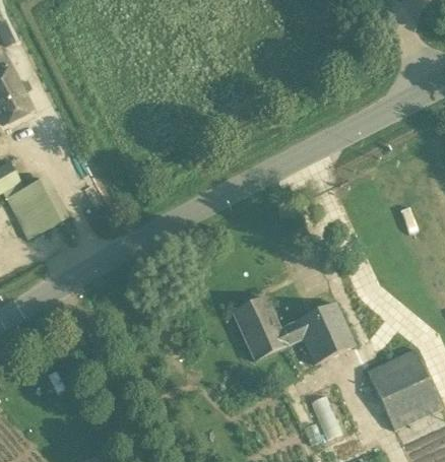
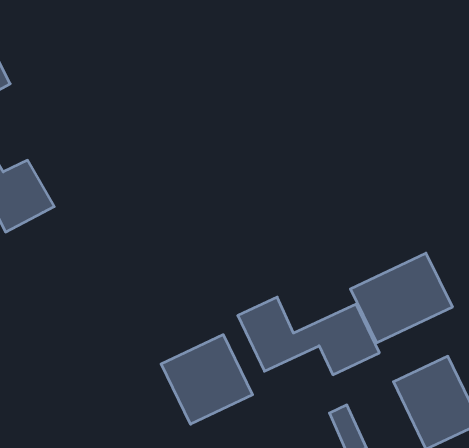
building: none -> [350,253,452,343]
building: none -> [161,335,253,424]

